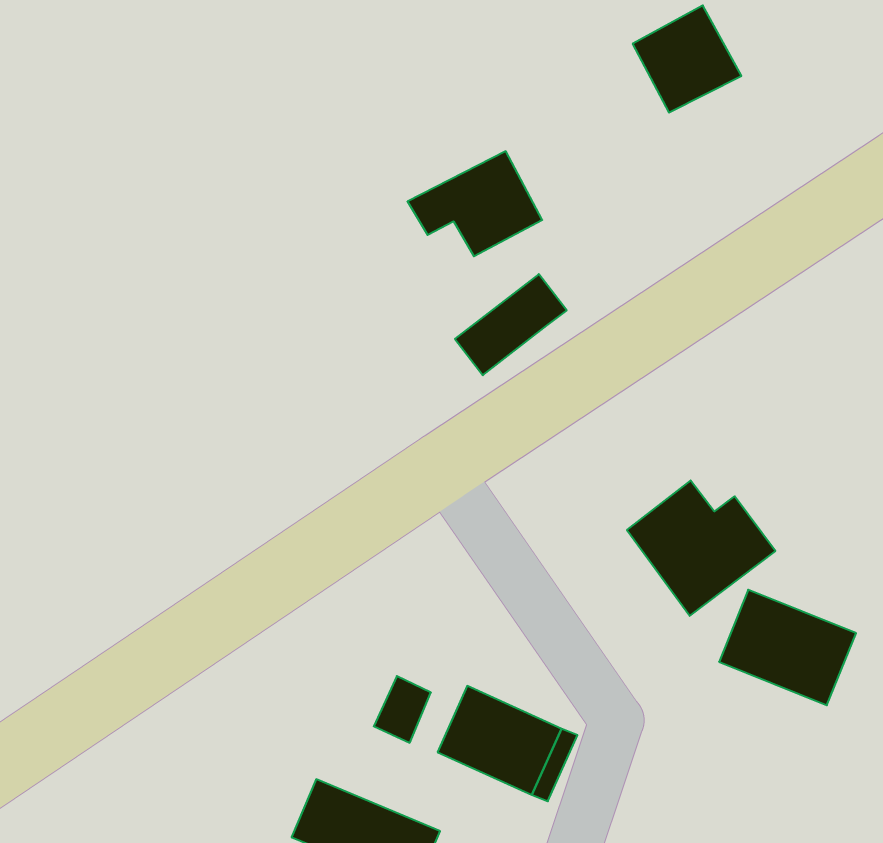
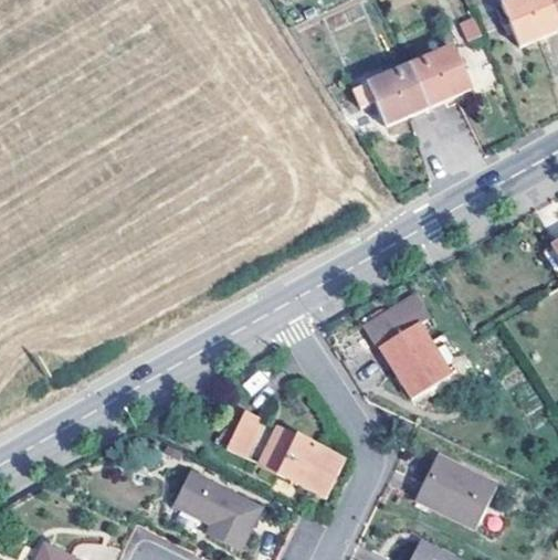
building: [407,151,542,256] -> [347,66,423,125]
building: [455,274,567,375] -> [366,288,431,344]
building: [719,590,856,705] -> [417,456,496,526]

